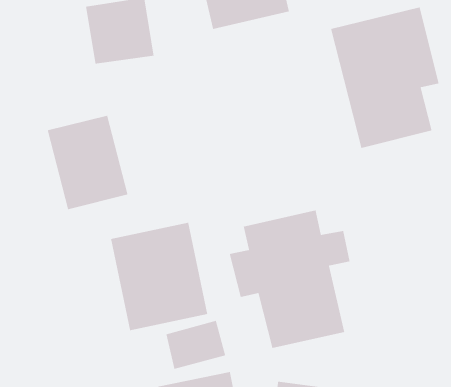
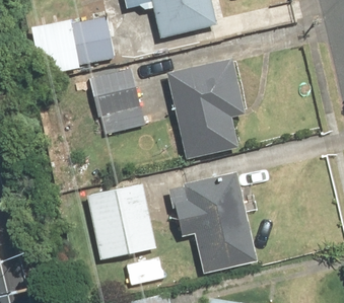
building: [330,6,439,149] -> [165,58,246,162]
building: [47,115,128,210] -> [87,66,147,136]

